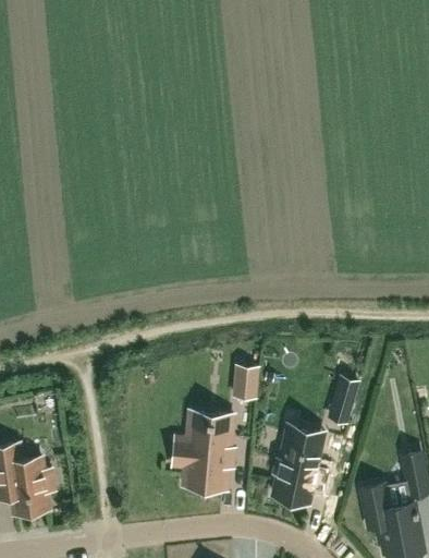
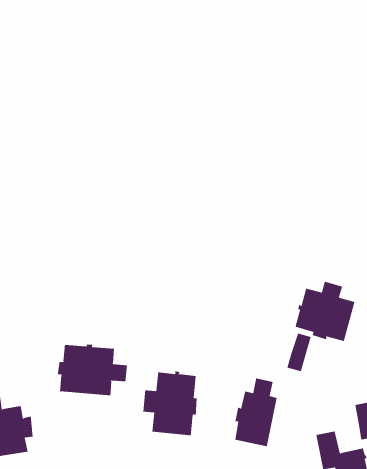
building: none -> [295,281,355,342]
building: [235,366,258,399] -> none
building: none -> [57,344,127,396]

